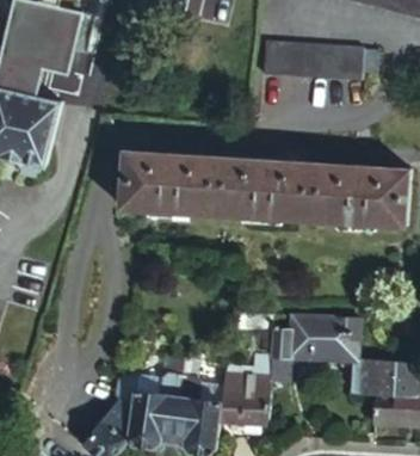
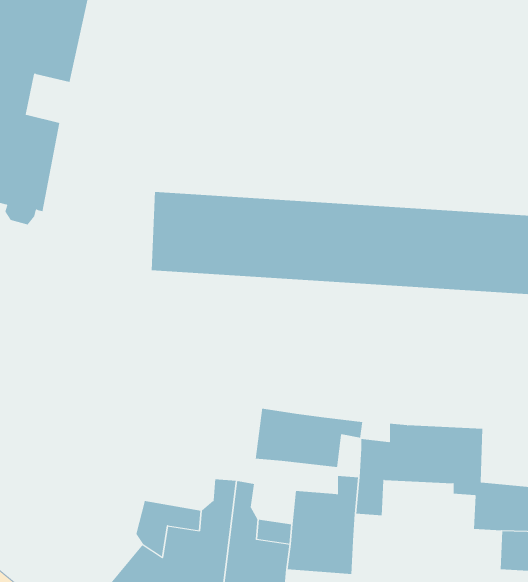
building: [264,41,378,82] -> none
building: none -> [255,408,363,468]

